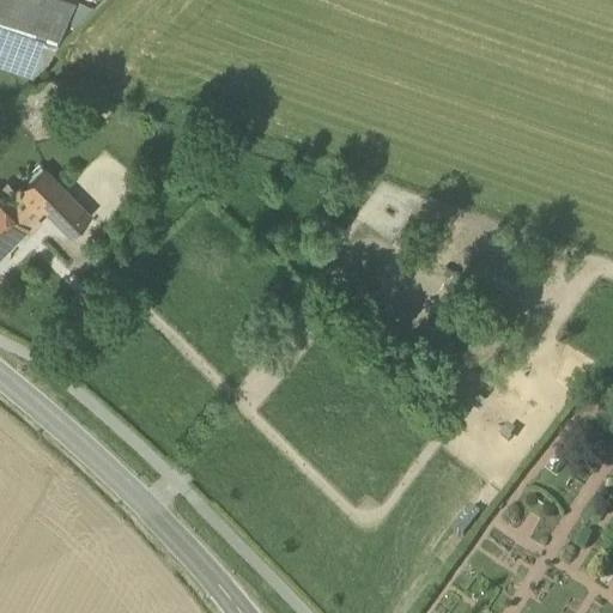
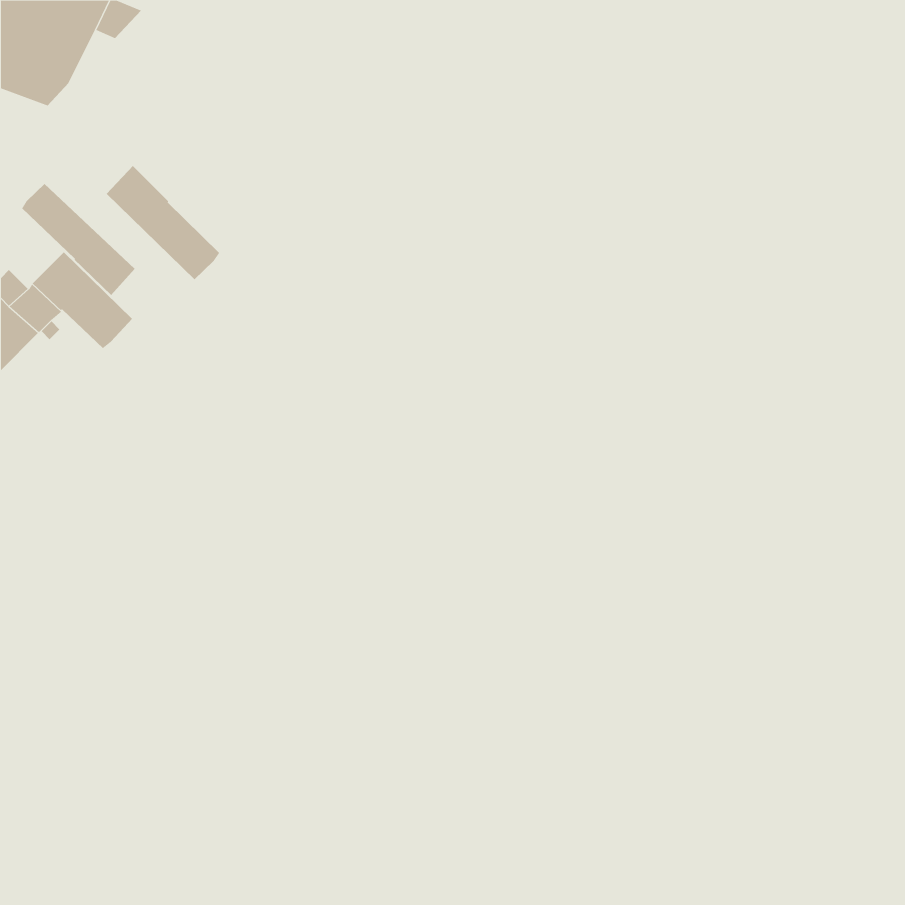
building: none -> [106,165,220,280]
building: none -> [21,183,135,296]

